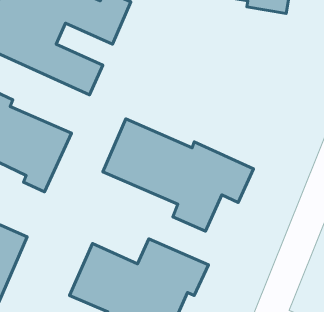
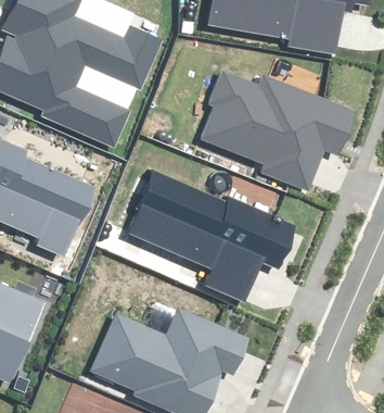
building: none -> [201,73,354,189]

